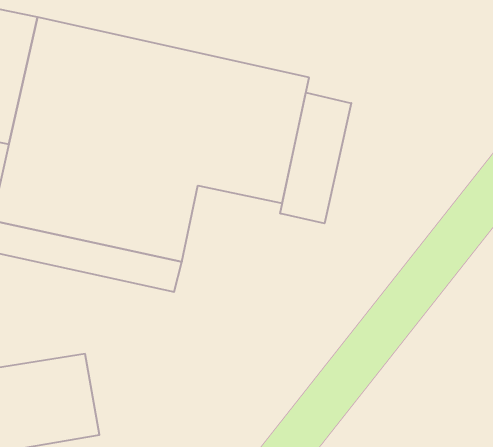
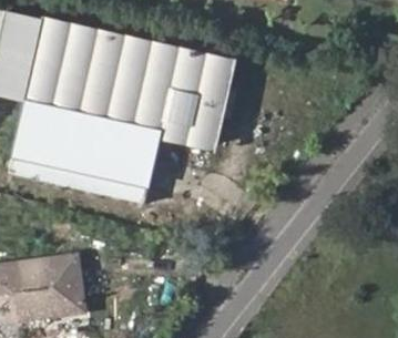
building: [280,93,351,223] -> none

